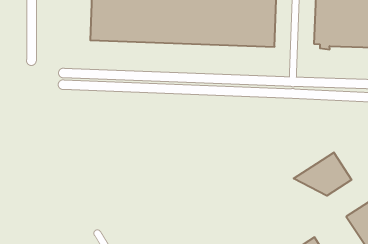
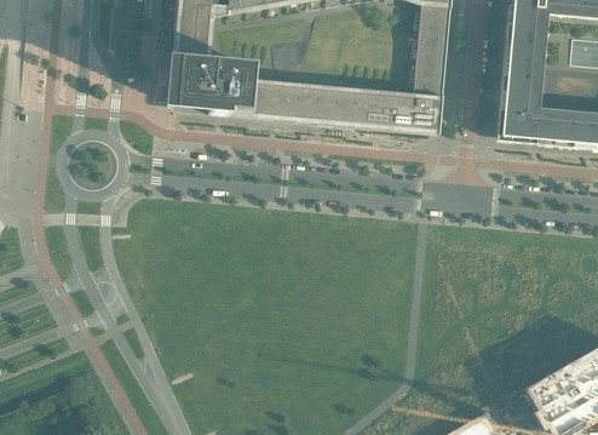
building: [294,152,351,196] -> none

